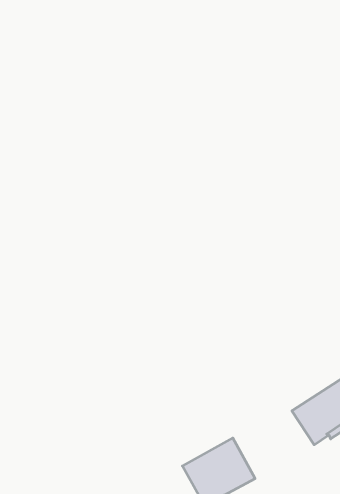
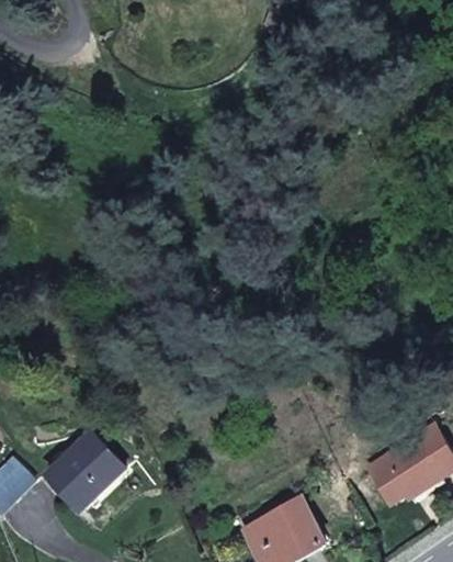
building: none -> [46,431,124,510]

